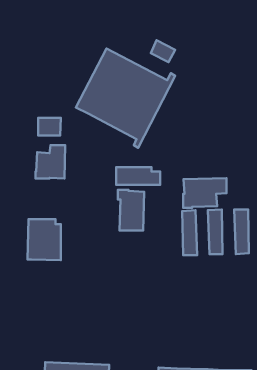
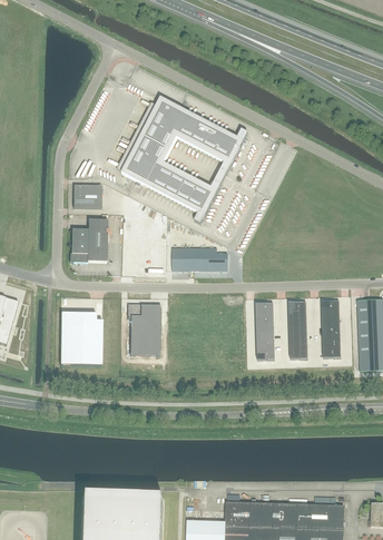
building: [151,40,175,62] -> none
building: [183,178,227,208] -> none
building: [118,190,144,230] -> [127,303,160,354]

